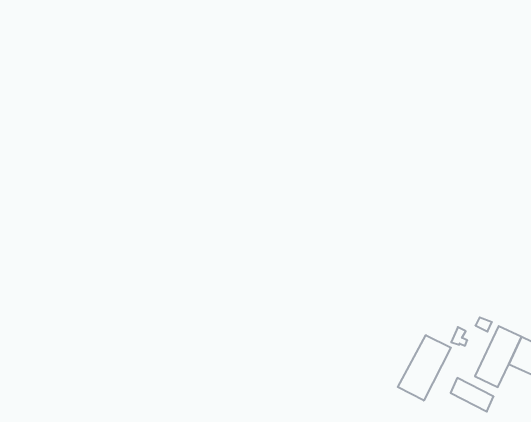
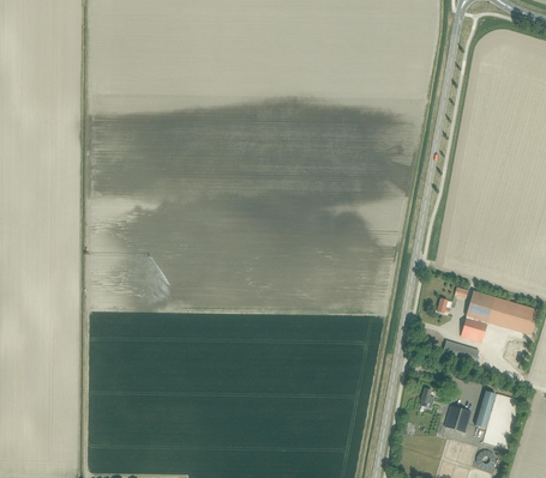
building: [398,335,451,401] -> none

